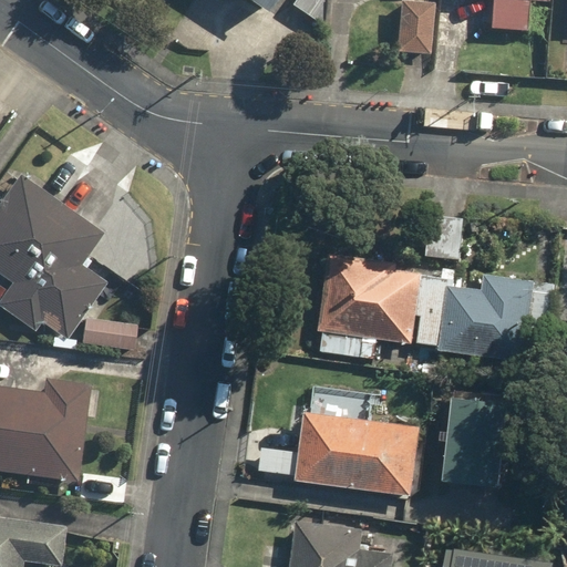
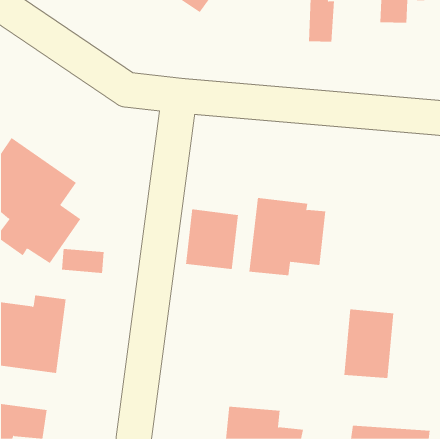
building: none -> [185,209,238,270]
building: [416,274,554,359] -> none
building: [296,391,415,493] -> none

